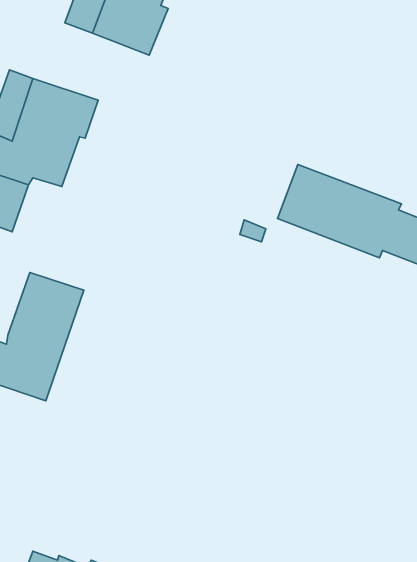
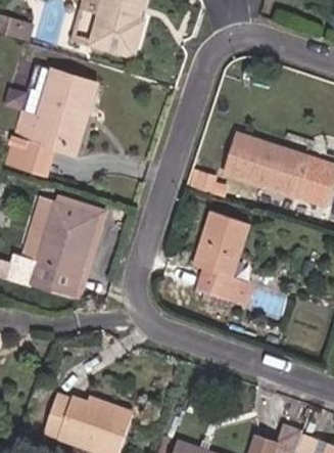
building: none -> [189,203,250,296]

